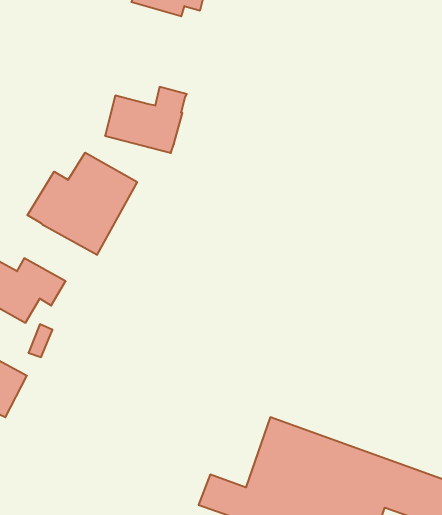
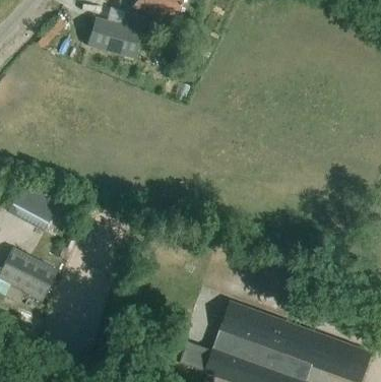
building: [105,87,187,153] -> [87,11,145,58]
building: [27,153,137,255] -> none

